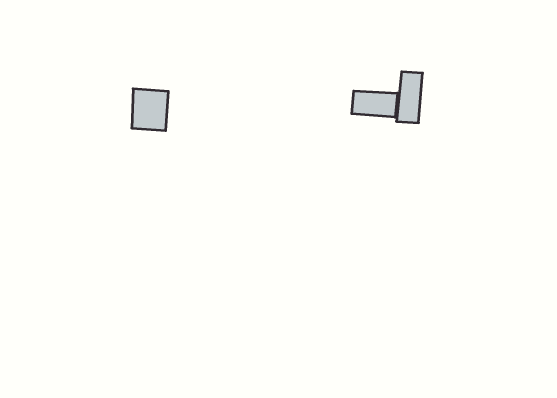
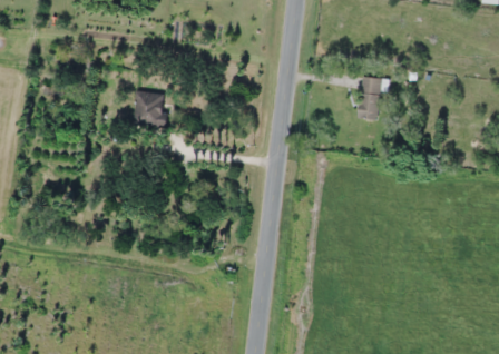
building: [352,91,397,117] -> none

